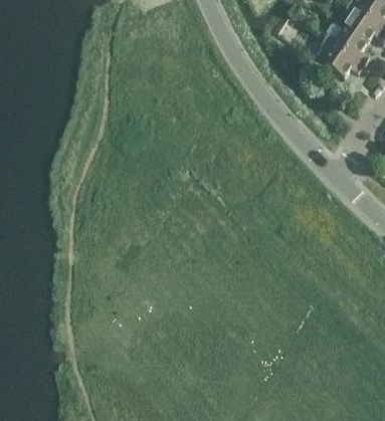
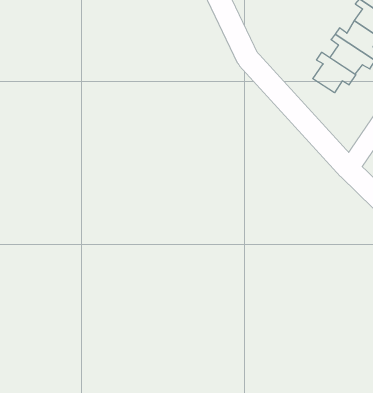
building: none -> [313,52,356,93]

